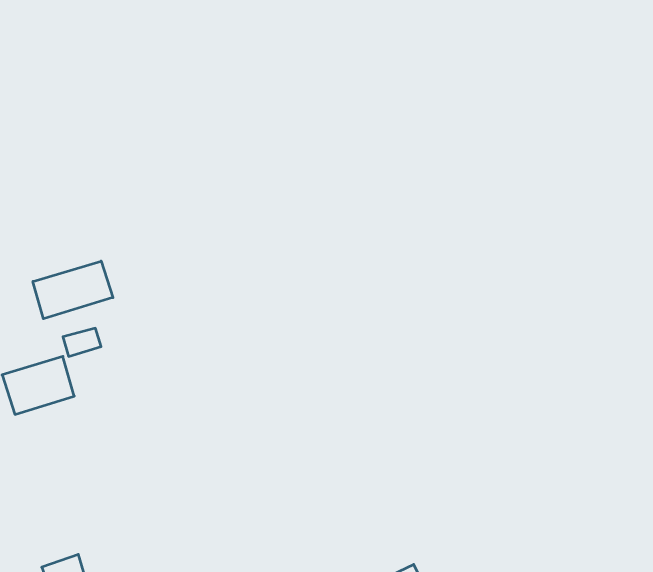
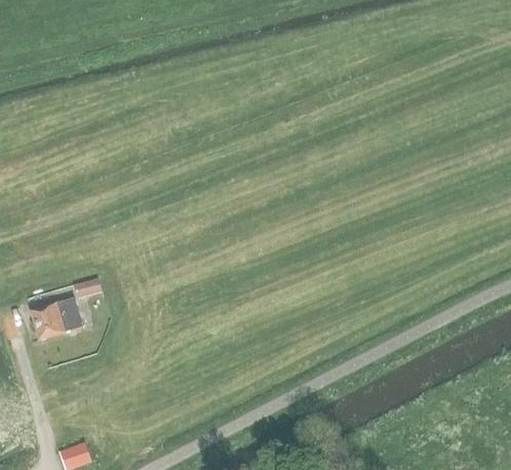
building: [33,261,113,319] -> none

